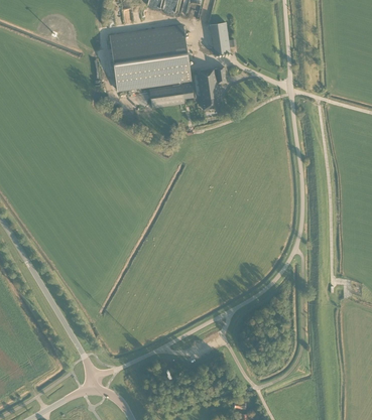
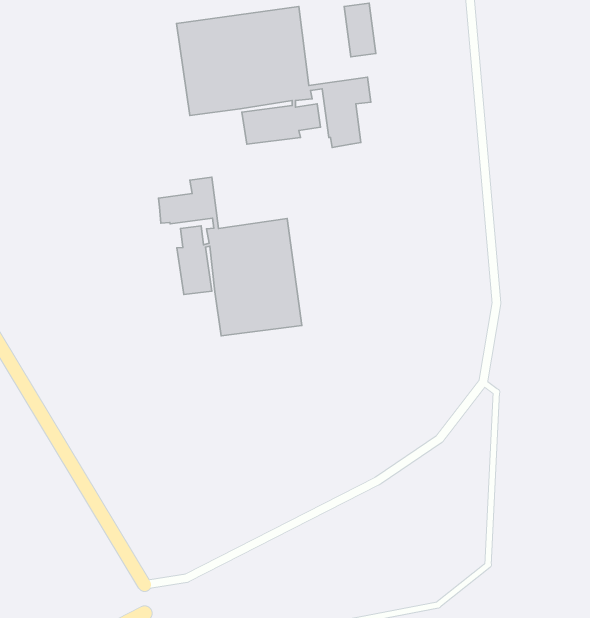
building: none -> [159,177,302,336]

